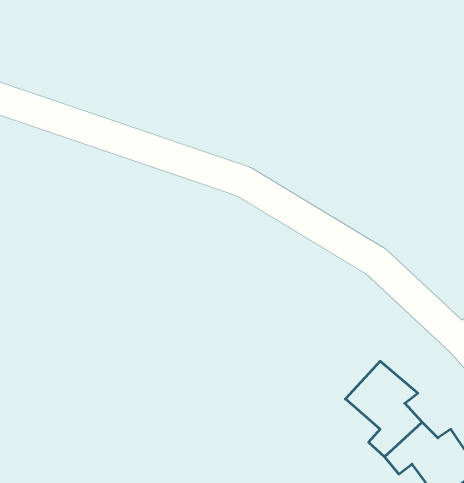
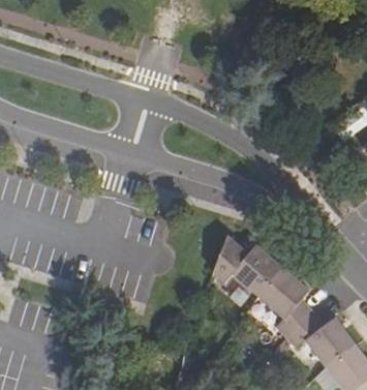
building: none -> [214,235,285,295]

